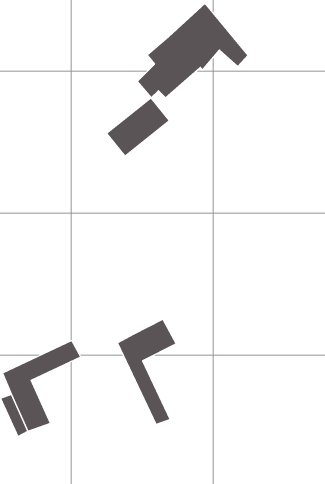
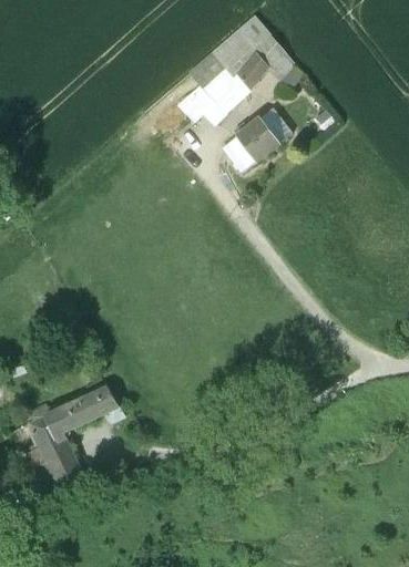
building: [106,98,170,156] -> [226,110,295,173]
building: [118,319,176,425] -> none

